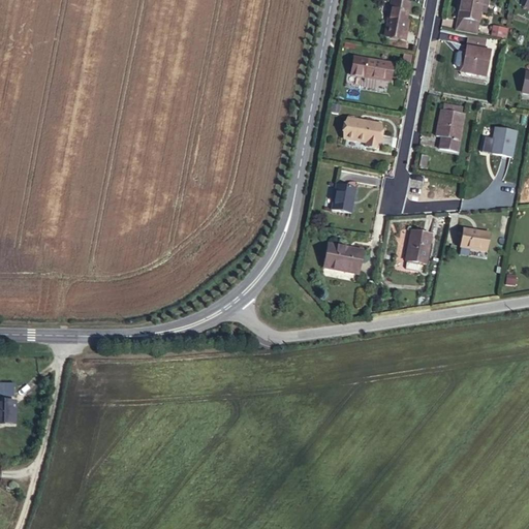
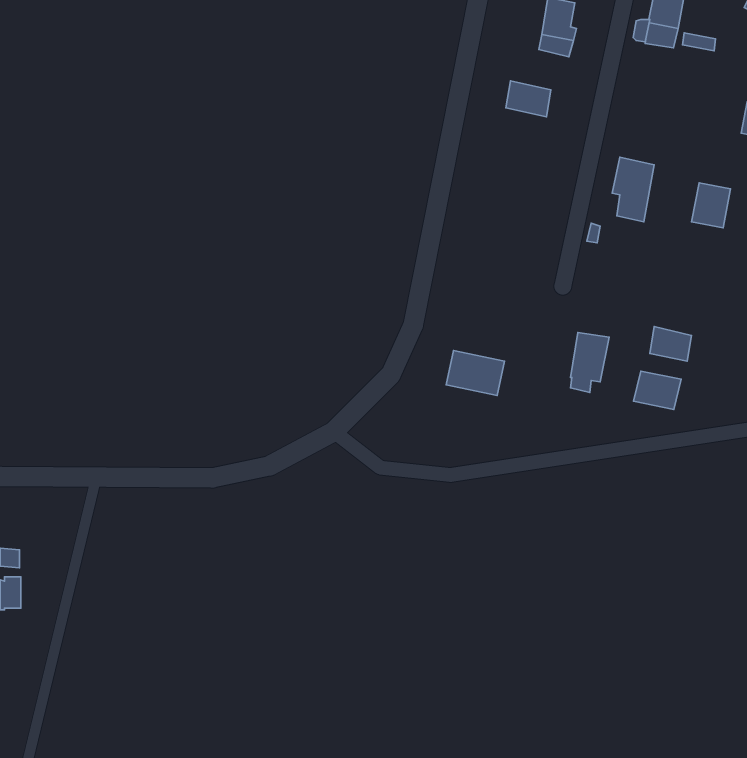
building: [465,43,493,70] -> none
building: [342,118,379,150] -> none
building: [329,182,355,212] -> none
building: none -> [633,371,681,409]

